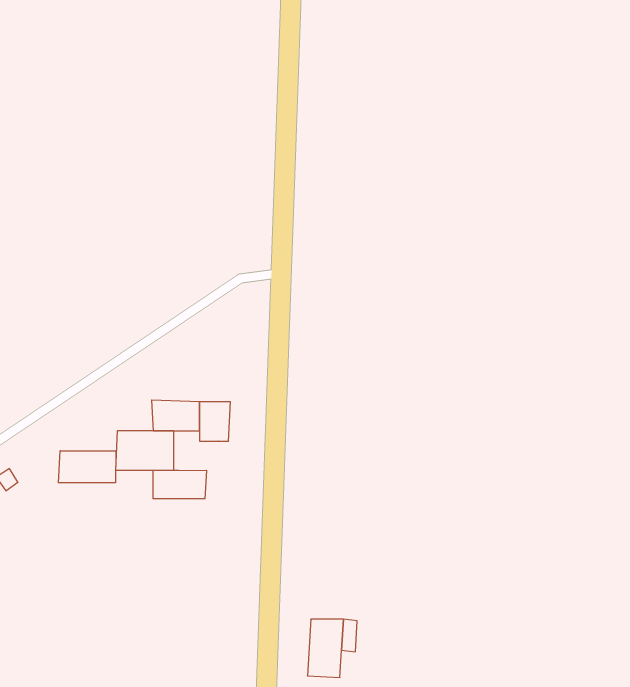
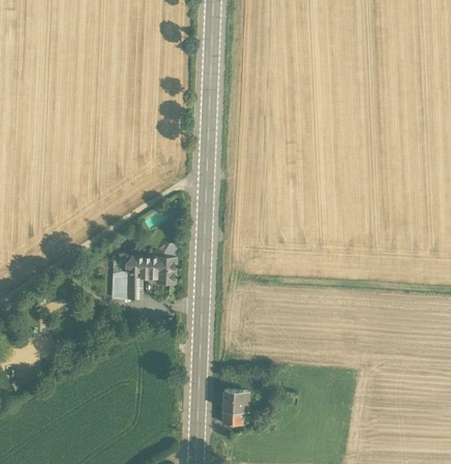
building: [58,451,116,483] -> none
building: [153,470,207,499] -> none

